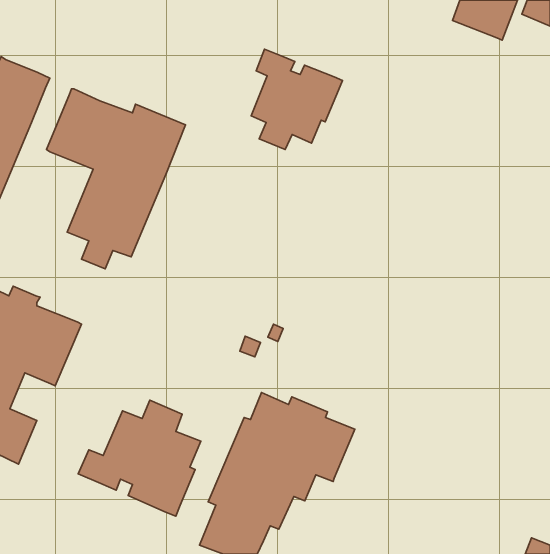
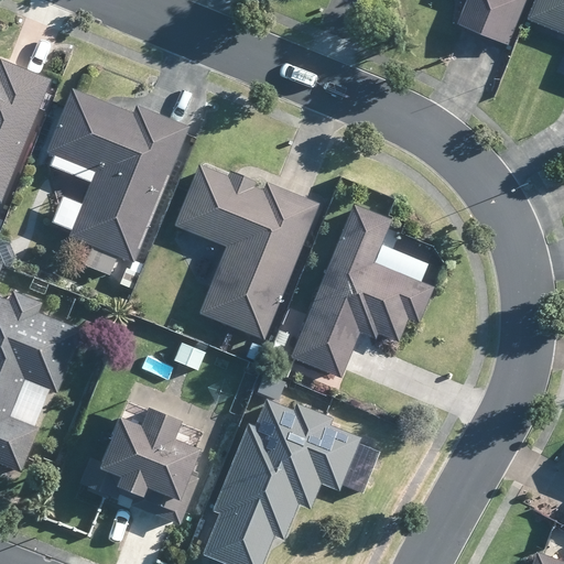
building: [251,49,342,149] -> none
building: none -> [174,165,319,339]
building: none -> [290,204,433,378]

